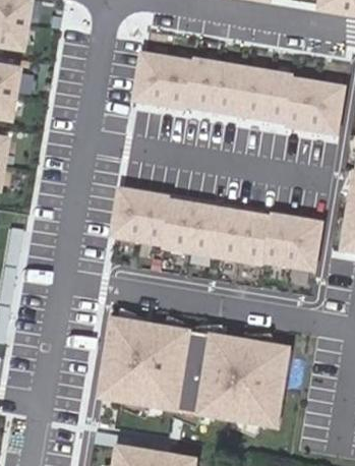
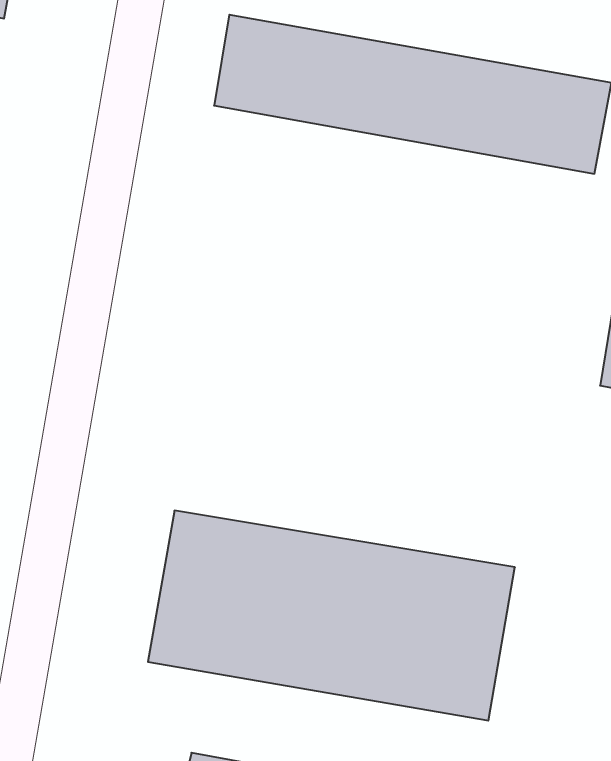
building: [114,187,329,273] -> none

